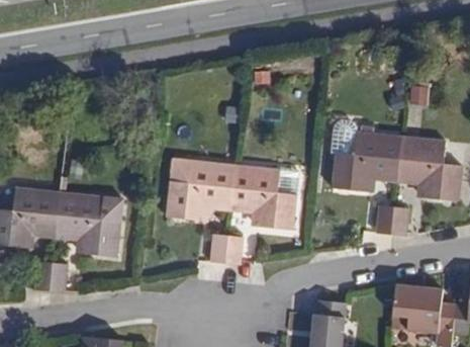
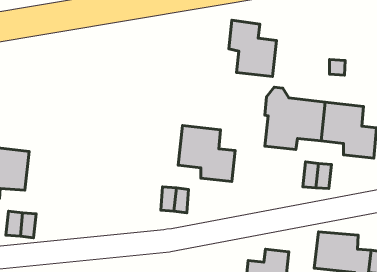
building: none -> [229,20,277,77]
building: [167,157,236,218] -> none
building: [52,192,120,257] -> none

